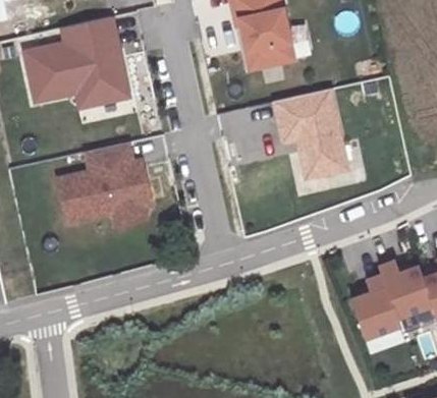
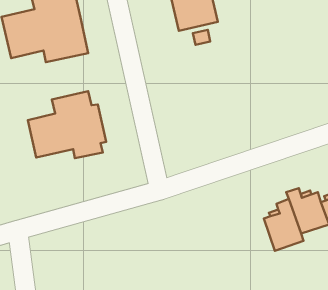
building: [270,91,343,178] -> none

